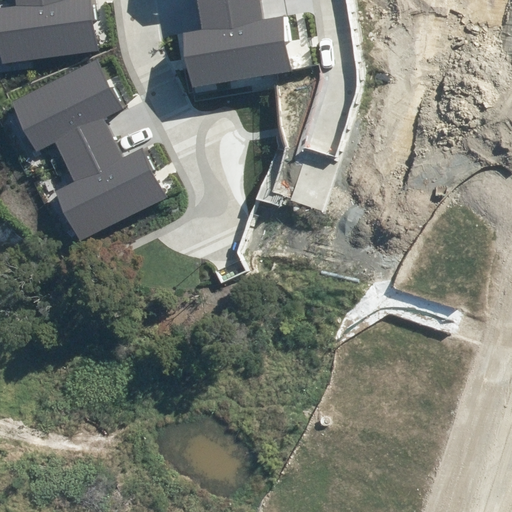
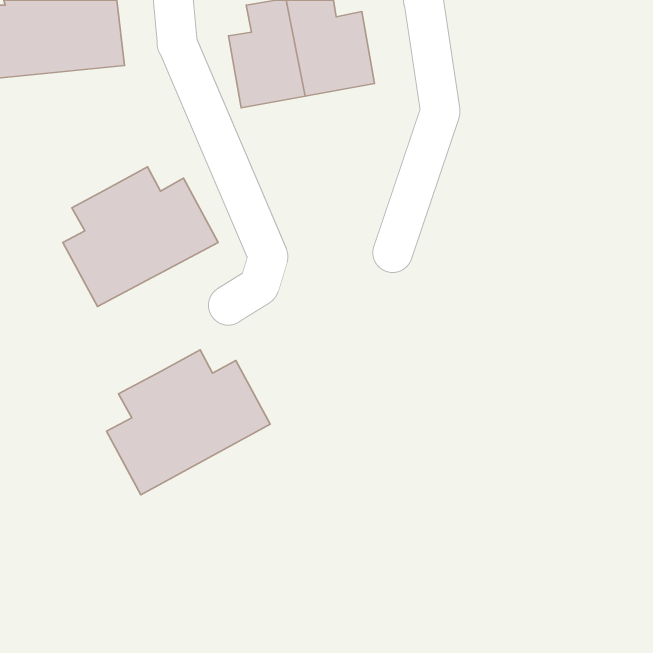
building: [11,59,123,164] -> none
building: none -> [107,350,270,495]

